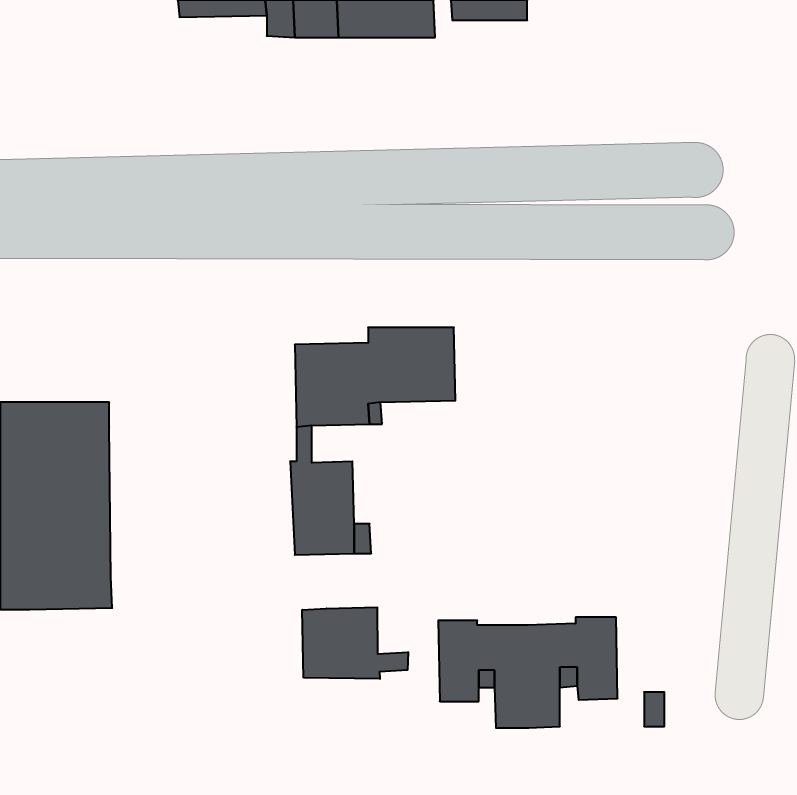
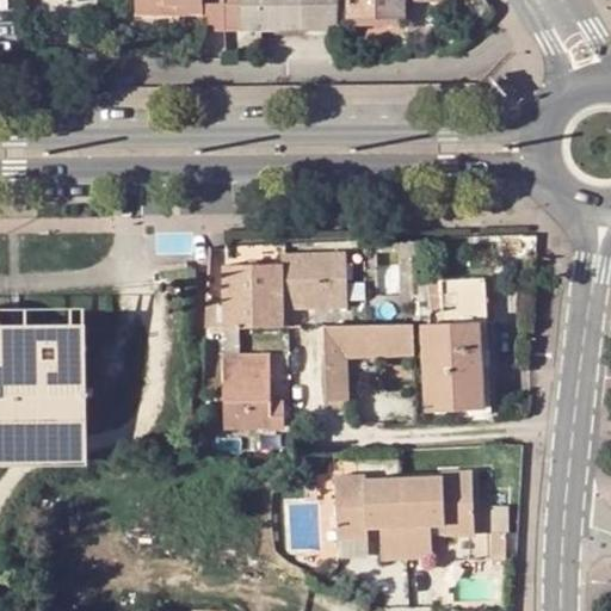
building: none -> [421,278,486,409]
building: none -> [323,323,415,400]
building: [302,607,408,679] -> none

